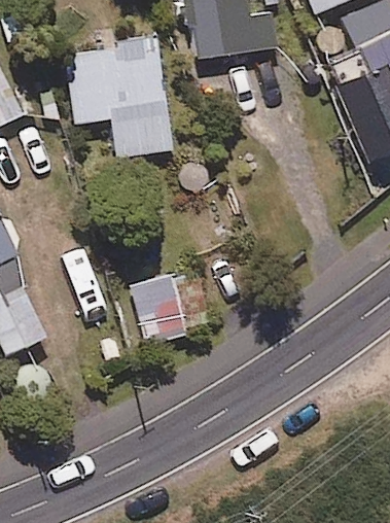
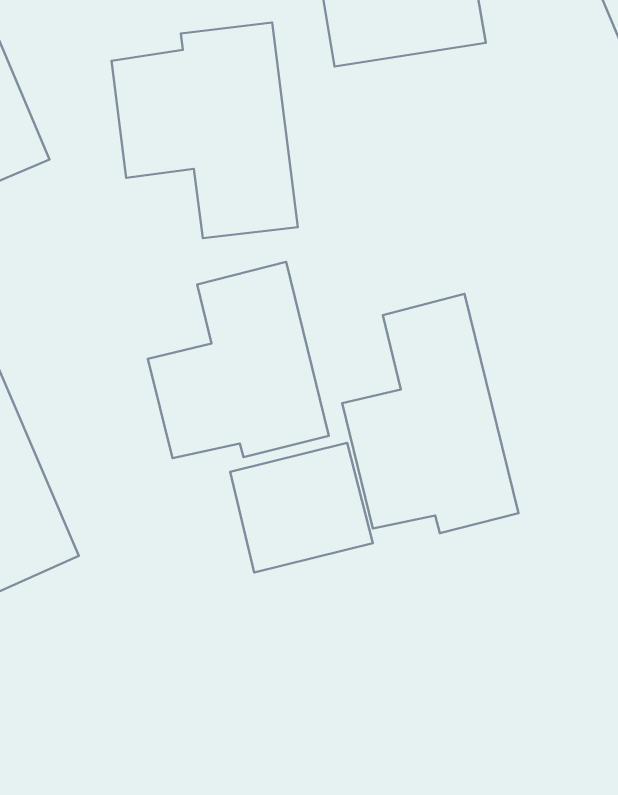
building: none -> [148,262,329,458]
building: none -> [342,294,519,533]

